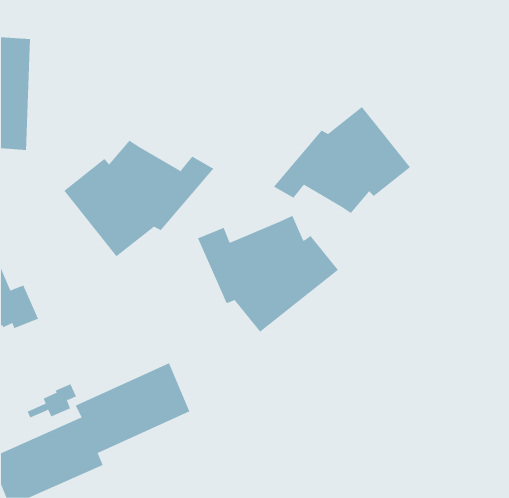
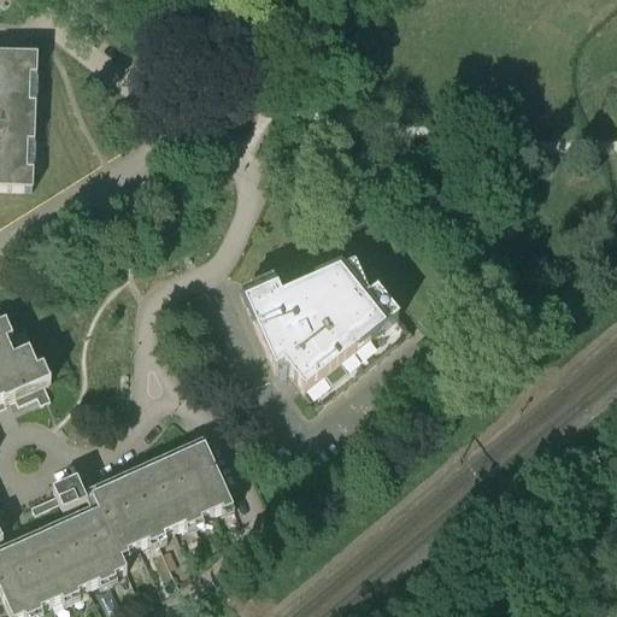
building: [273,106,411,214] -> none
building: [64,140,214,257] -> none

